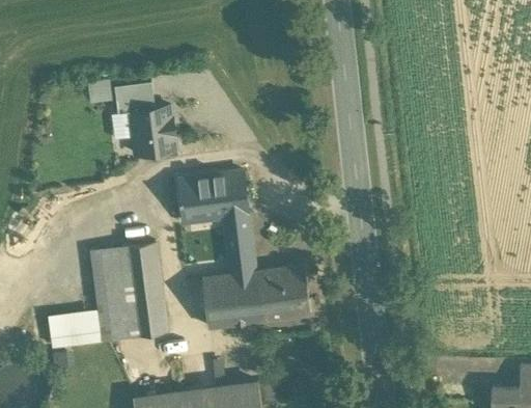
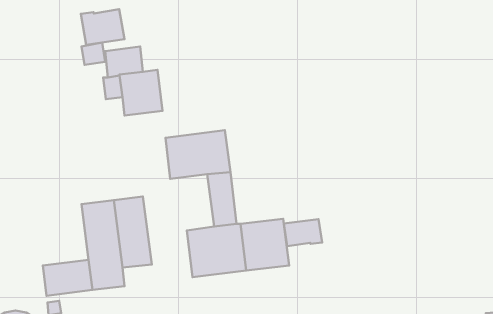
building: none -> [81,9,124,45]
building: none -> [284,219,322,246]
building: [134,315,167,337] -> none

